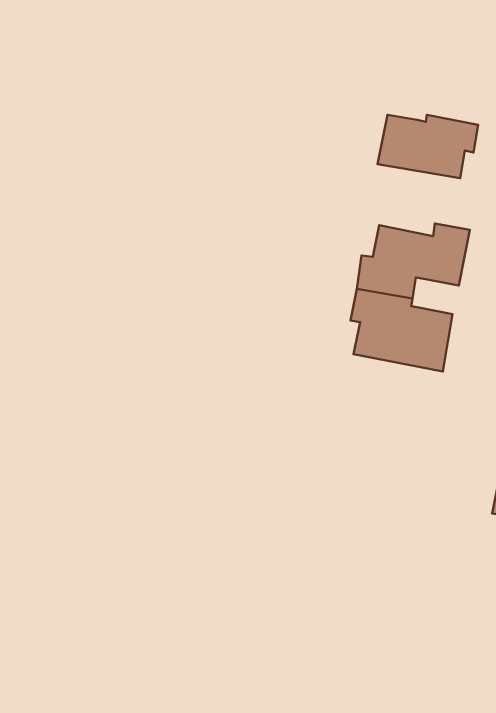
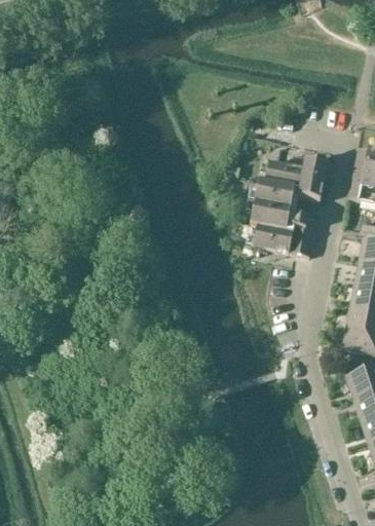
building: [378,115,478,178] -> none

